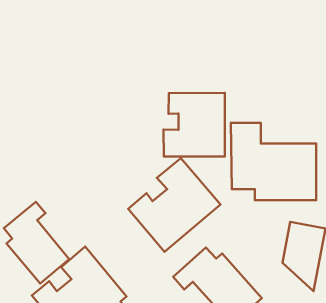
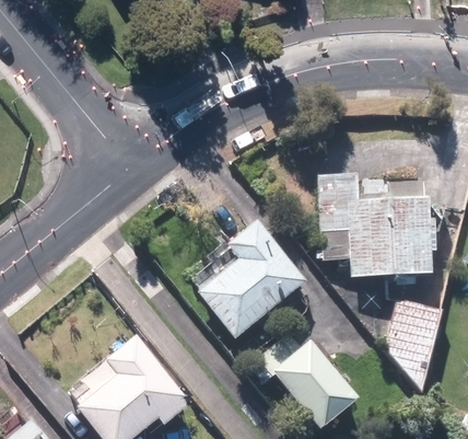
building: [163,93,225,157] -> none
building: [4,202,69,283] -> none

